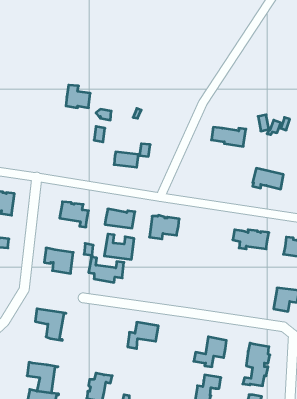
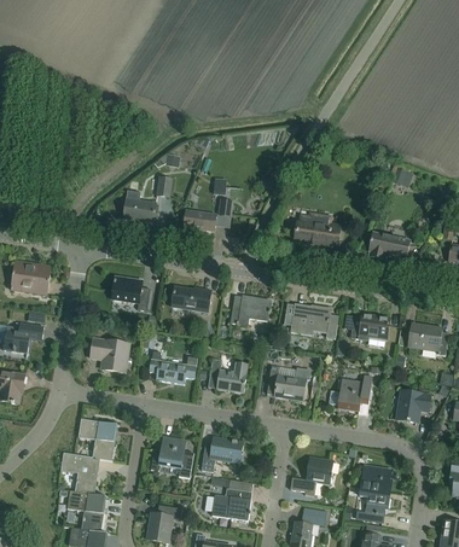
building: [66,85,90,108] -> [123,190,156,220]
building: [211,127,246,146] -> [295,222,341,248]
building: none -> [284,302,338,337]
building: [104,234,134,259] -> [208,357,248,391]
building: none -> [267,365,312,400]
building: none -> [329,374,372,413]
building: none -> [151,436,194,477]
building: none -> [60,452,99,493]
building: none -> [205,487,252,519]

